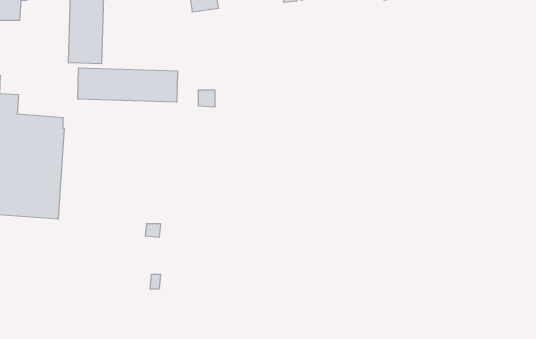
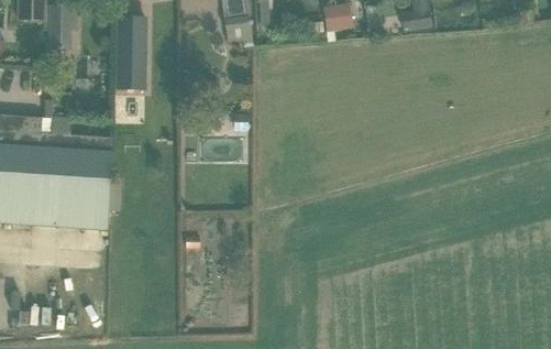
building: [78,68,178,102] -> none

